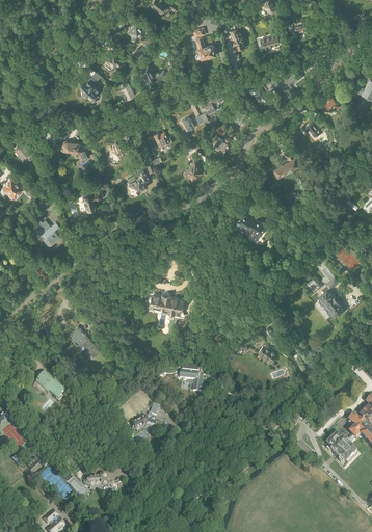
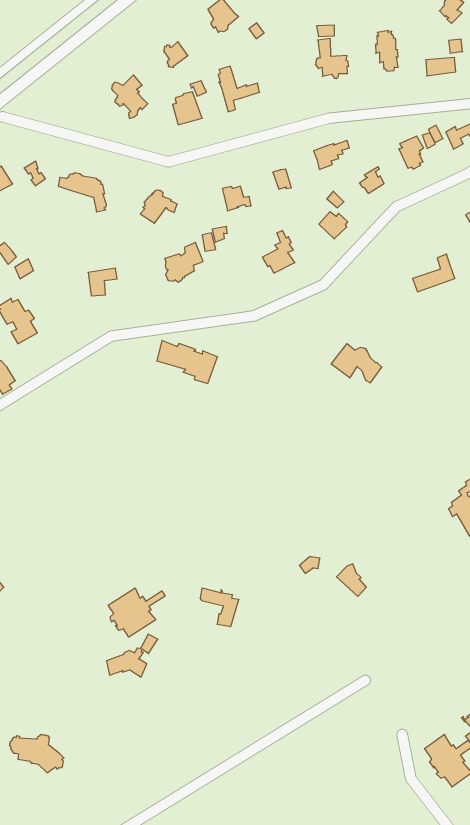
building: [149,295,184,316] -> [157,340,218,383]
building: [67,326,99,357] -> none
building: none -> [108,588,165,637]

